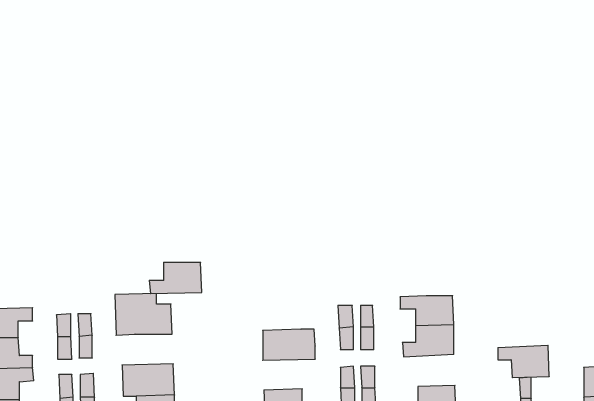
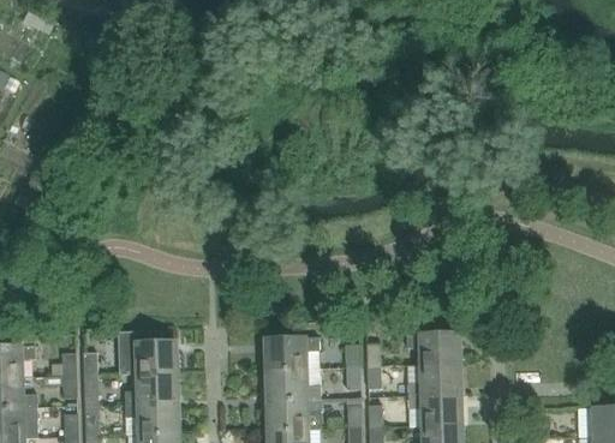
building: [149,262,202,294] -> [126,372,179,403]
building: none -> [268,337,321,369]
building: [498,345,549,378] -> [411,393,462,425]
building: none -> [269,397,322,429]

